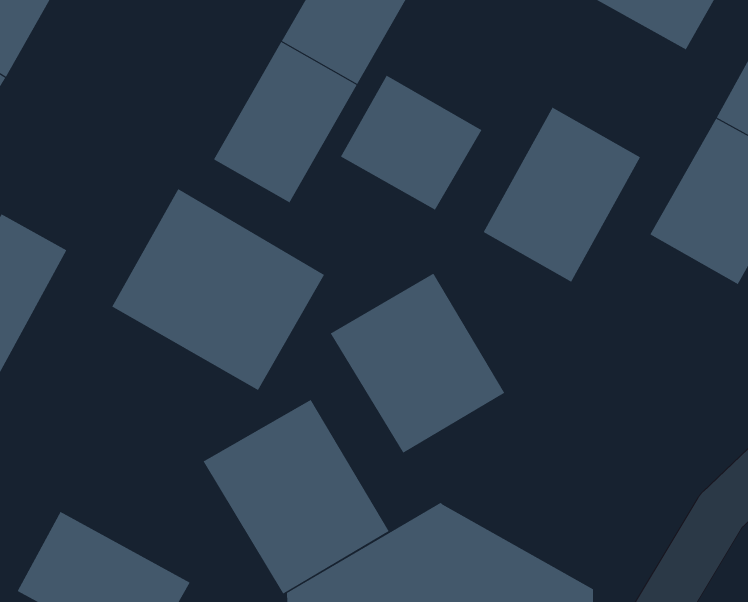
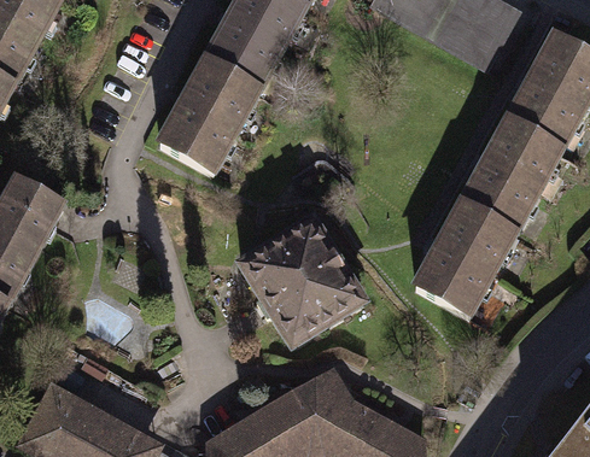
building: [340,75,482,211] -> none
building: [483,107,641,283] -> [413,193,522,315]
building: [112,188,325,391] -> none
building: [203,399,390,595] -> none

